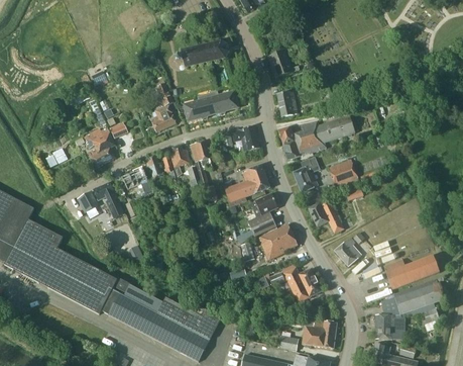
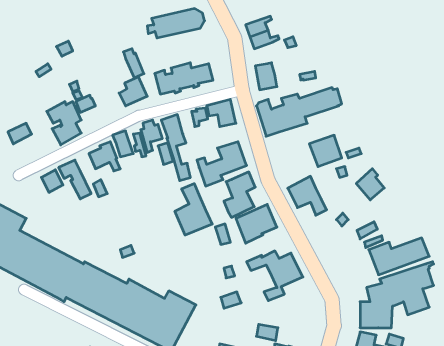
building: [293,157,320,192] -> none
building: none -> [175,184,212,235]
building: [335,237,361,266] -> [356,169,384,200]
building: [300,318,337,348] -> none

